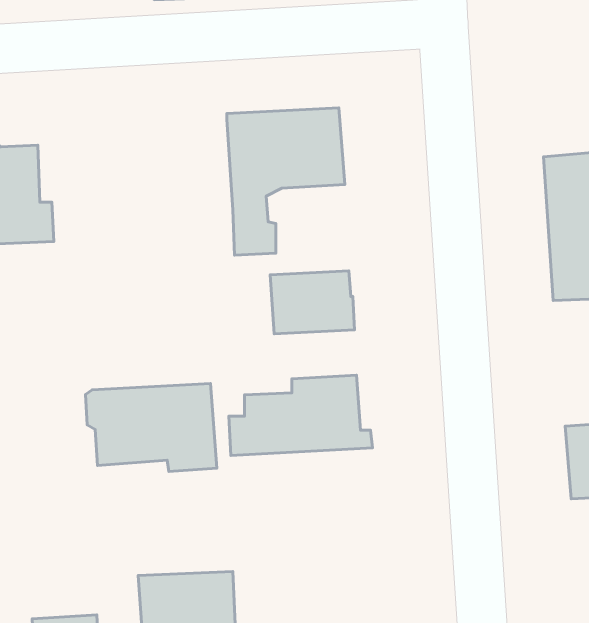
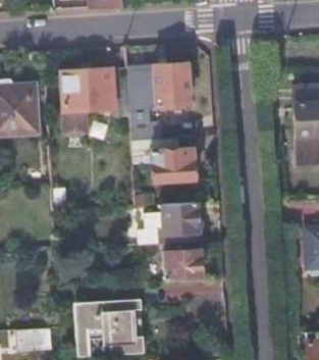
building: none -> [61,70,132,117]
building: [86,383,217,471] -> none
building: none -> [165,251,202,281]

